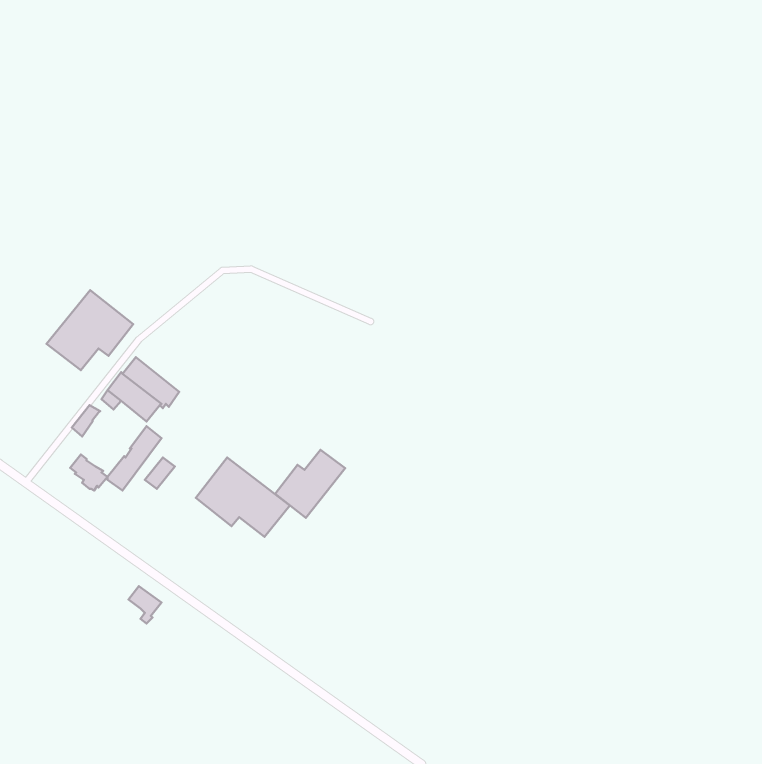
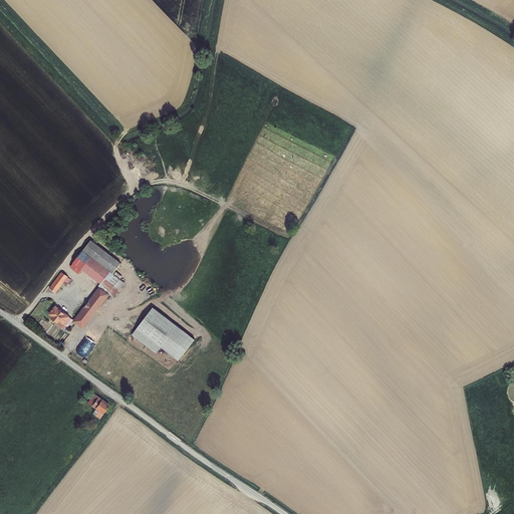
building: [47,290,133,370] -> none
building: [275,450,345,518] -> none

